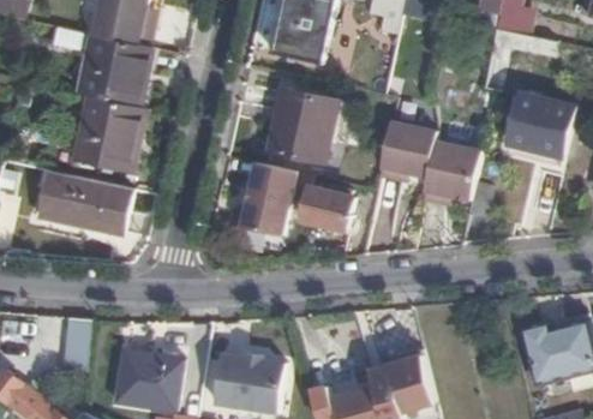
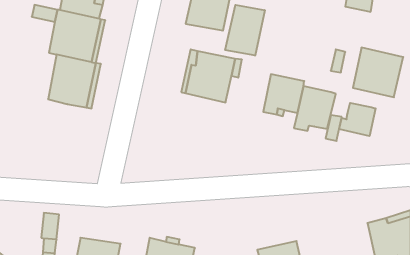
building: none -> [225,5,265,56]
building: [241,162,296,235] -> none
building: none -> [339,103,376,136]
building: [41,169,131,233] -> none
building: [301,186,352,229] -> none

